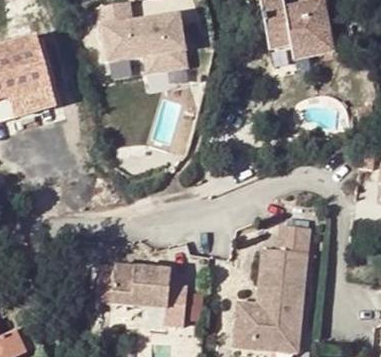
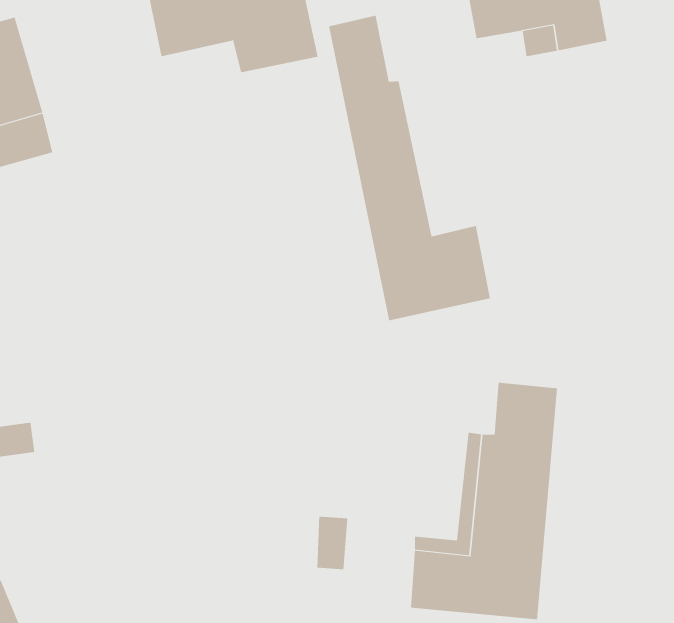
building: none -> [328,15,490,321]
building: [110,266,185,326] -> none

